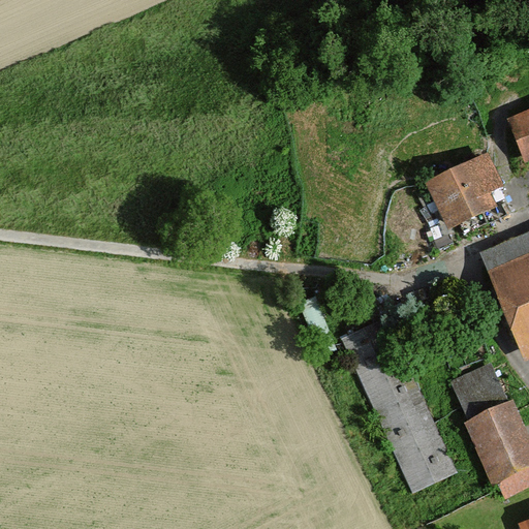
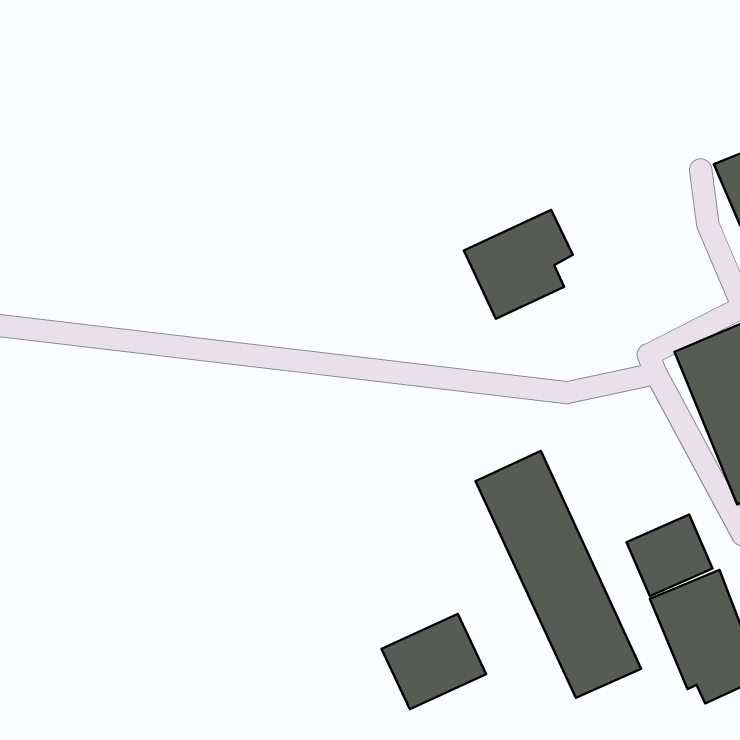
building: [428,151,505,228] -> [464,210,573,319]
building: none -> [381,614,486,709]

